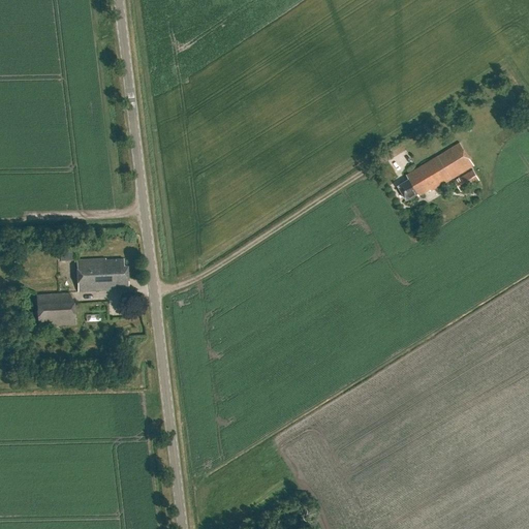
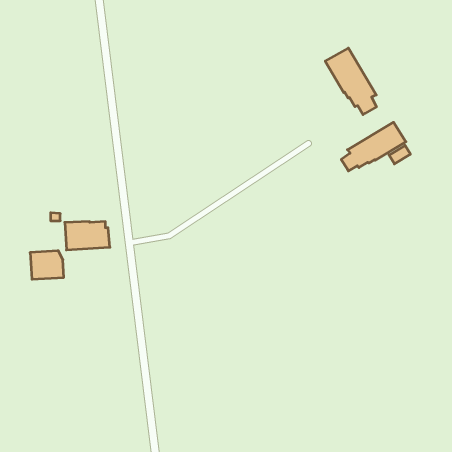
building: none -> [325,48,376,115]

